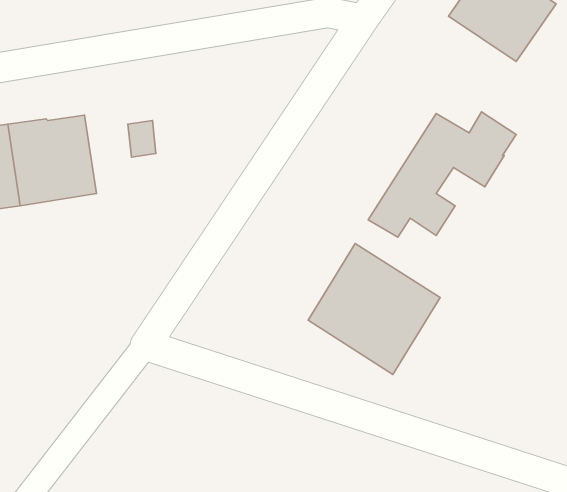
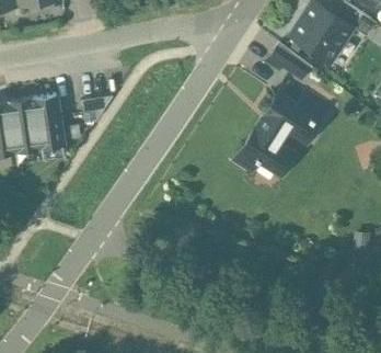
building: none -> [270,44,312,81]
building: [308,243,440,375] -> none

